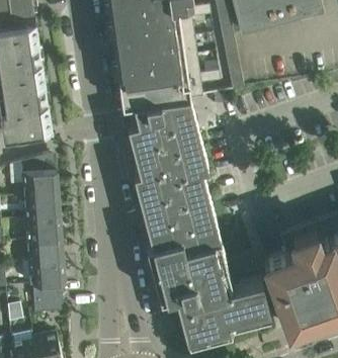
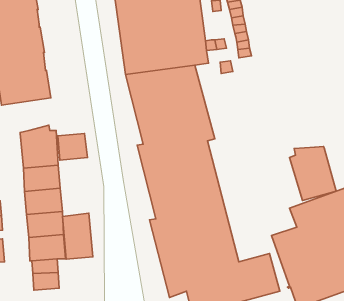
building: none -> [58,134,88,160]
building: none -> [290,147,336,201]
building: none -> [63,213,93,259]

